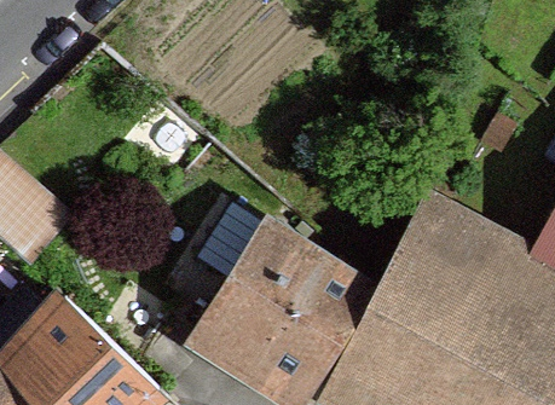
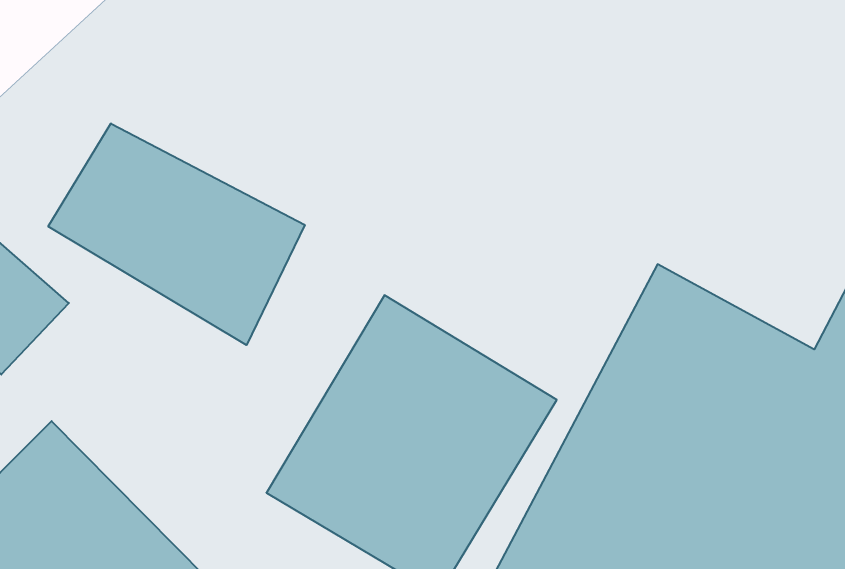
building: none -> [48,123,305,345]

